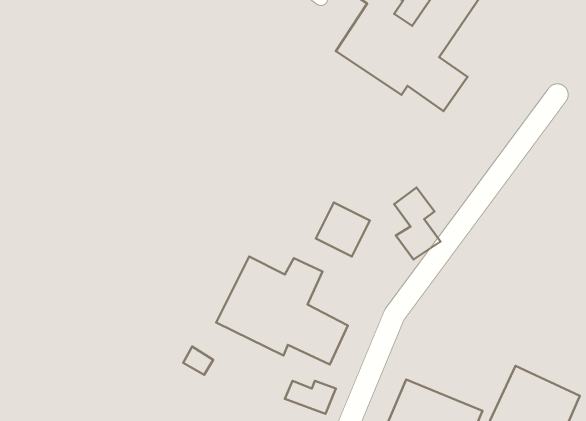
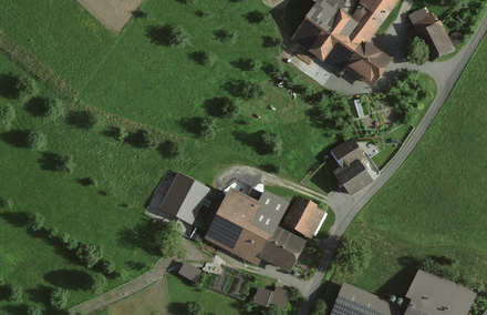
building: none -> [408,8,454,60]
building: [316,202,370,256] -> [284,197,324,237]
building: none -> [160,174,208,224]

